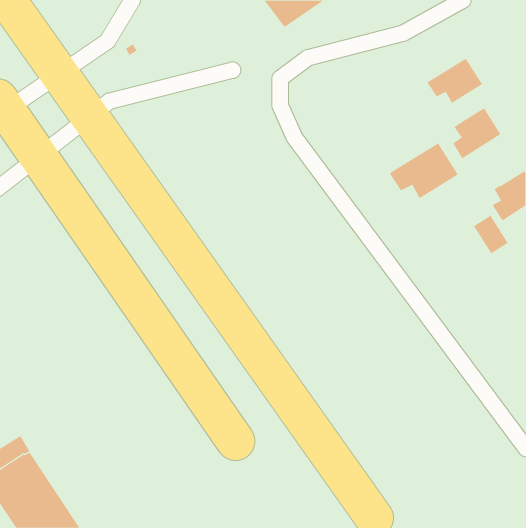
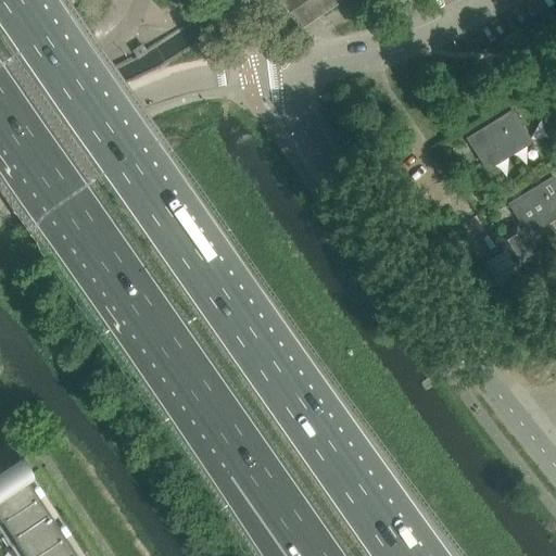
building: [427,58,483,104] -> none
building: [389,142,459,199] -> none

